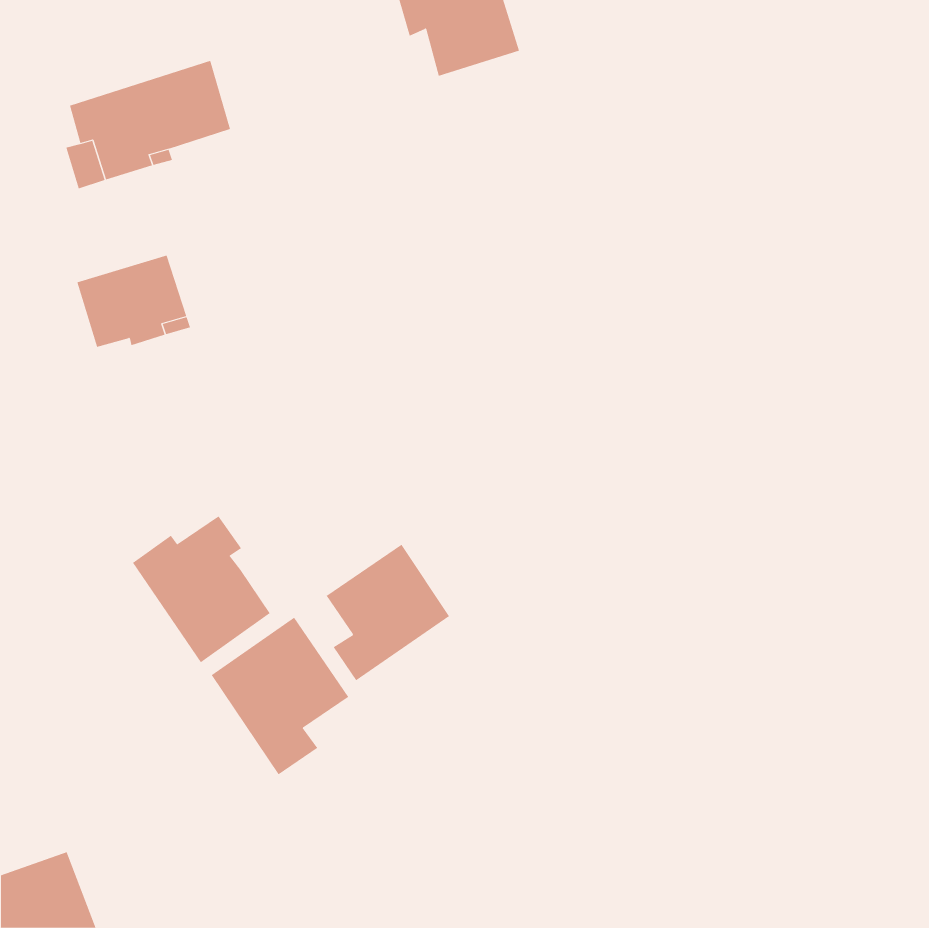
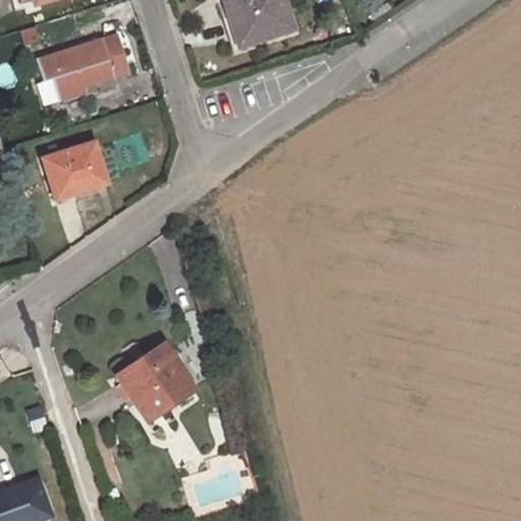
building: [132,515,271,663] -> none
building: [326,544,450,681] -> none

